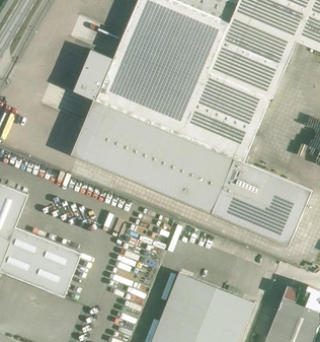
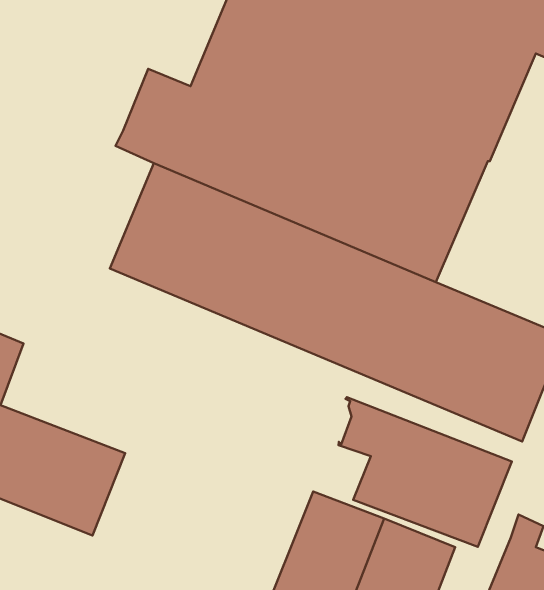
building: none -> [339,397,512,547]

